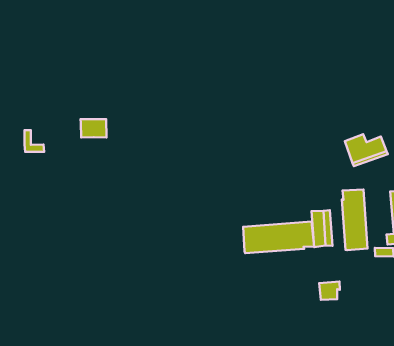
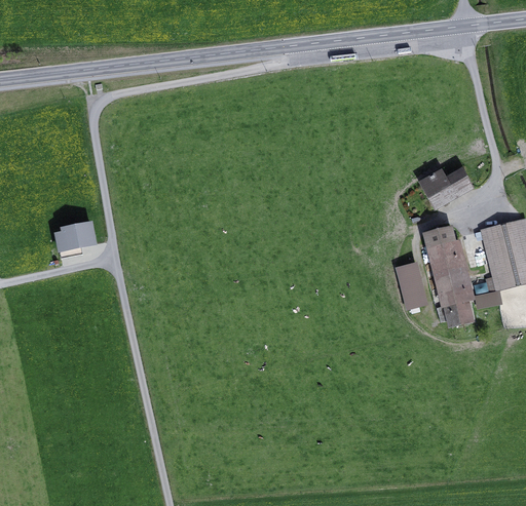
building: [81,119,106,138] -> [62,222,95,247]
building: [243,221,314,253] -> none
building: [319,281,340,300] -> [445,298,469,322]

